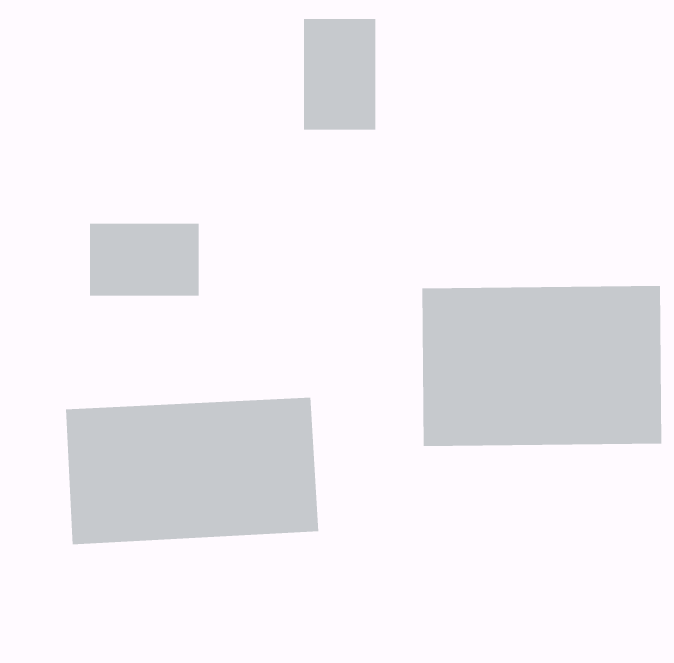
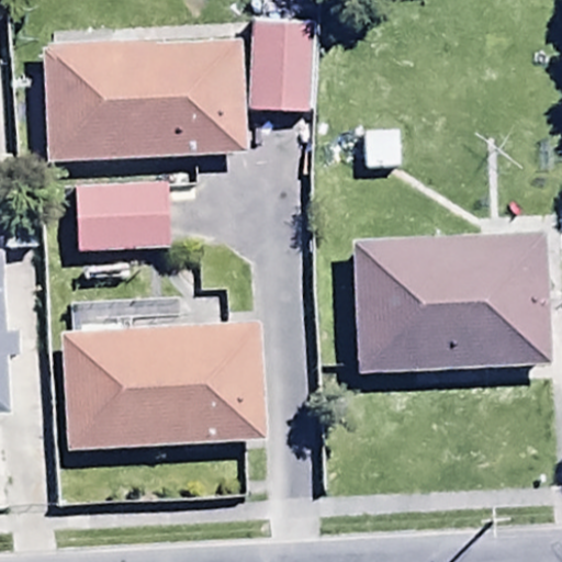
building: none -> [45,35,247,158]

